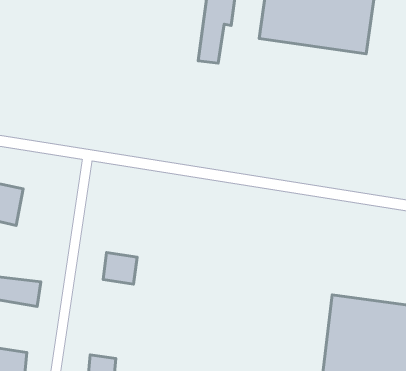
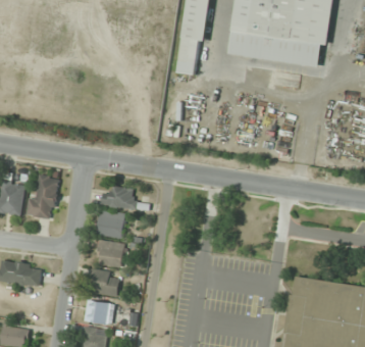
building: none -> [25,176,58,219]
building: none -> [101,187,148,211]
building: none -> [96,210,123,238]
building: none -> [89,269,119,296]
building: none -> [84,300,113,325]

